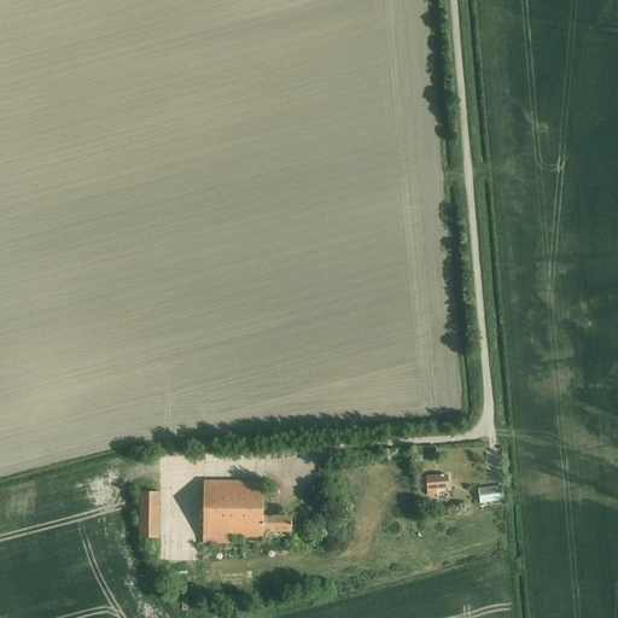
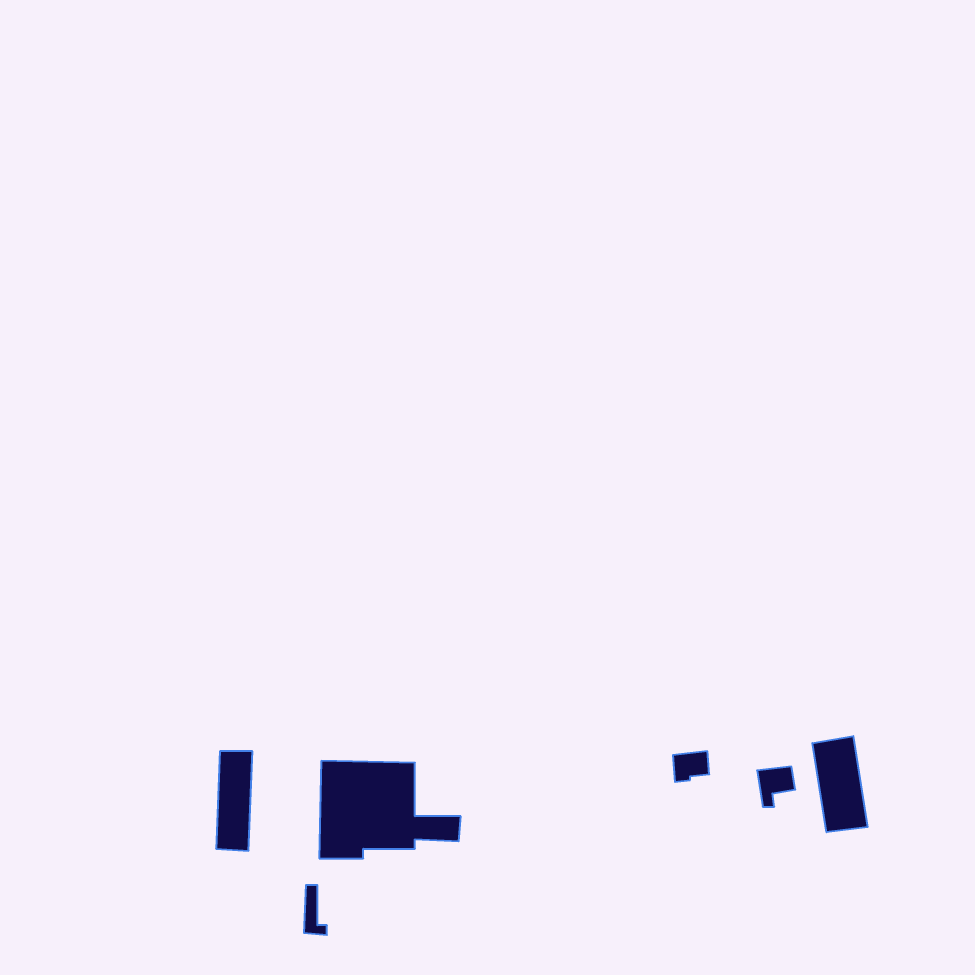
building: none -> [812,736,868,832]

